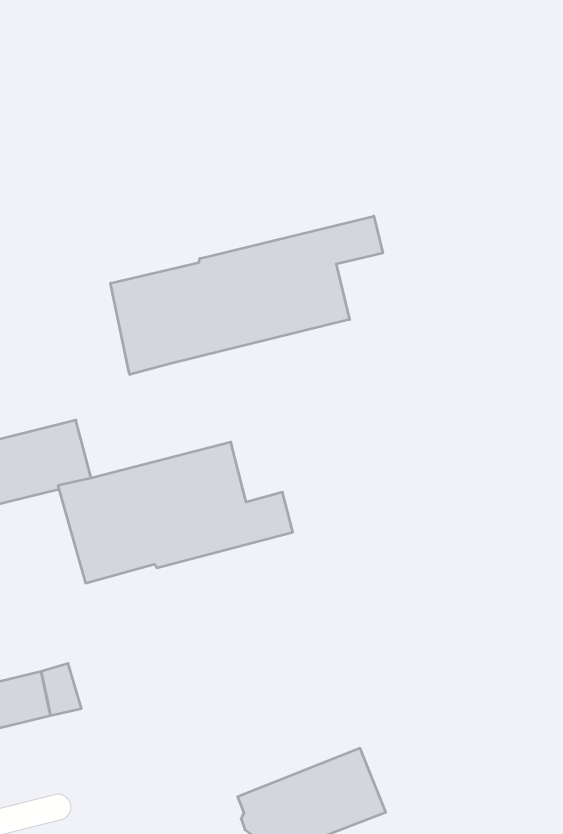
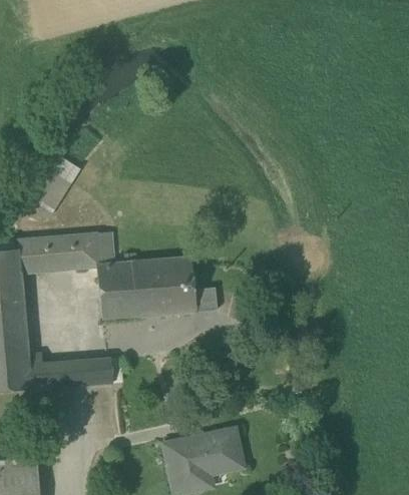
building: [111,216,383,375] -> none
building: none -> [87,358,113,385]

